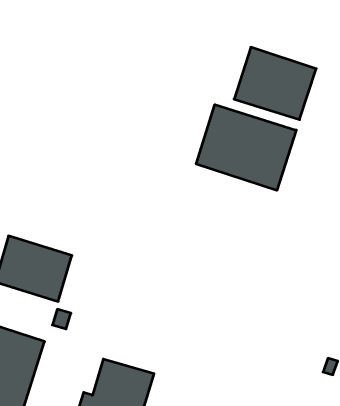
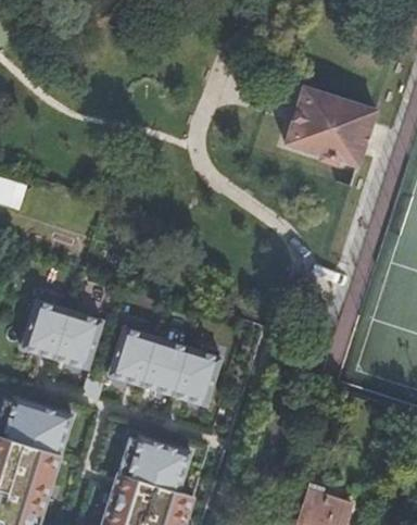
building: [196,105,296,190] -> none
building: none -> [106,326,222,405]

